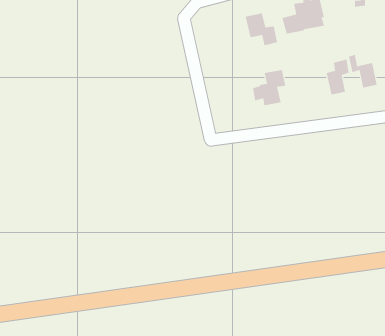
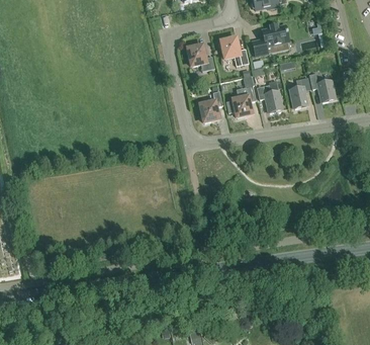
building: none -> [187,45,214,71]
building: none -> [257,85,282,112]
building: none -> [200,91,222,122]

